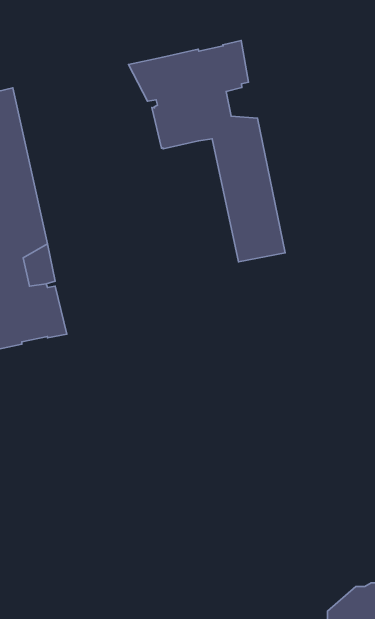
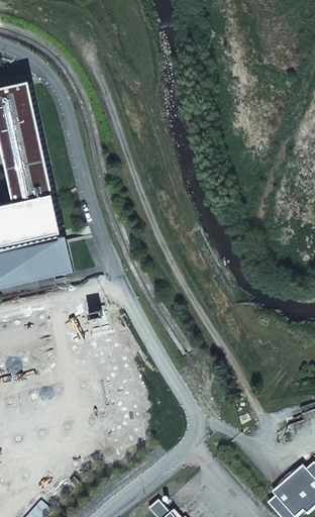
building: [129,41,285,262] -> none

